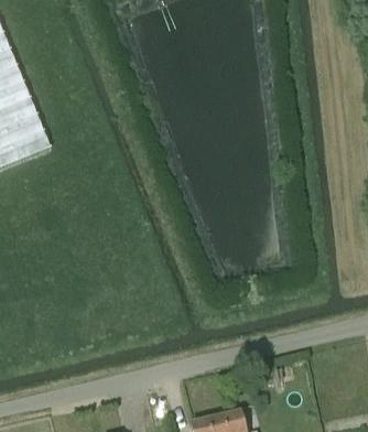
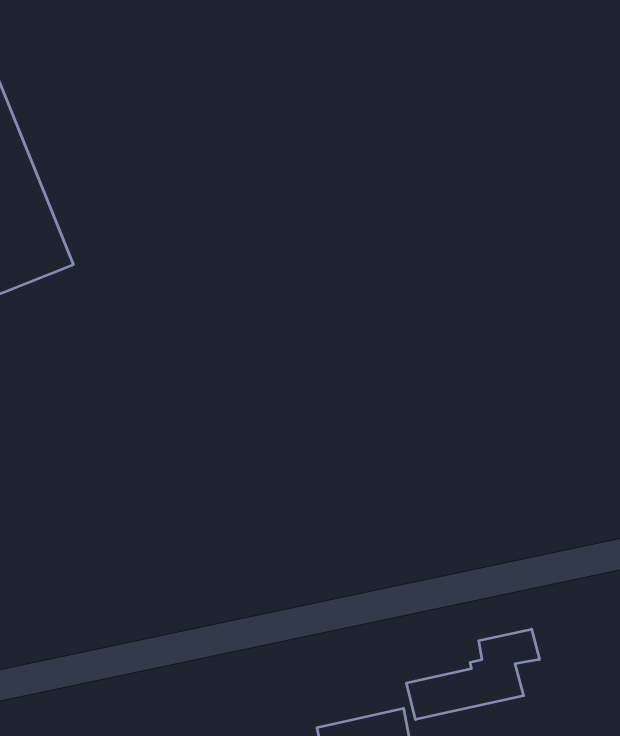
building: none -> [407,629,539,720]

